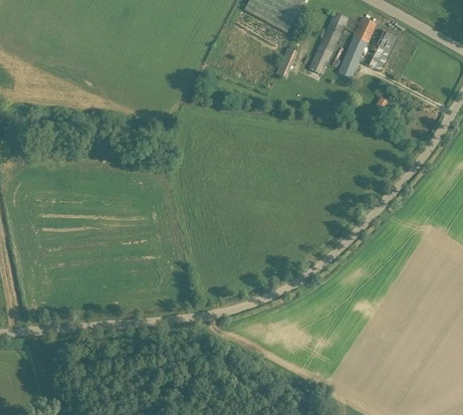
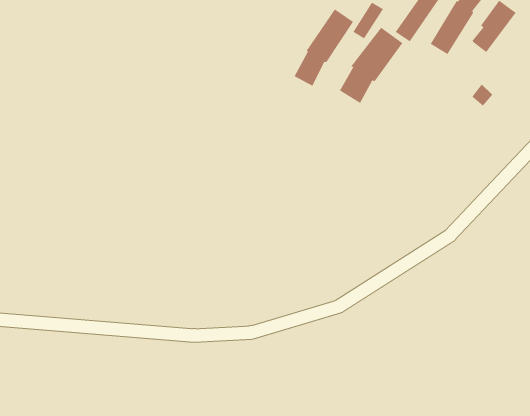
building: none -> [294,9,354,86]
building: none -> [339,27,403,104]

